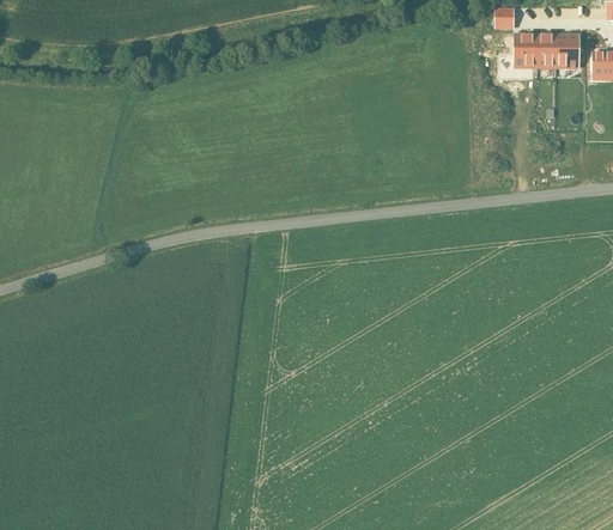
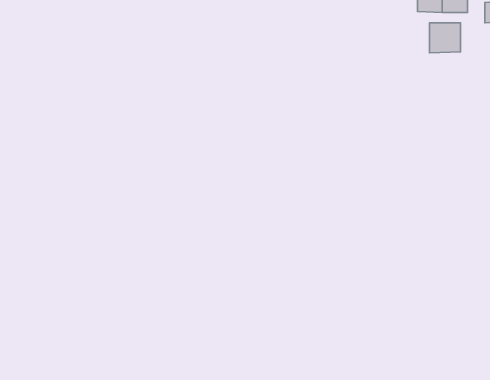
building: none -> [430,23,461,53]

